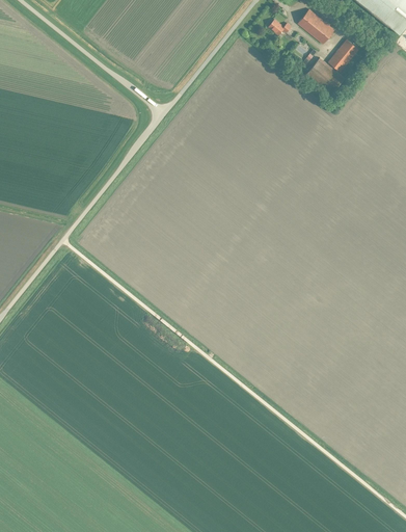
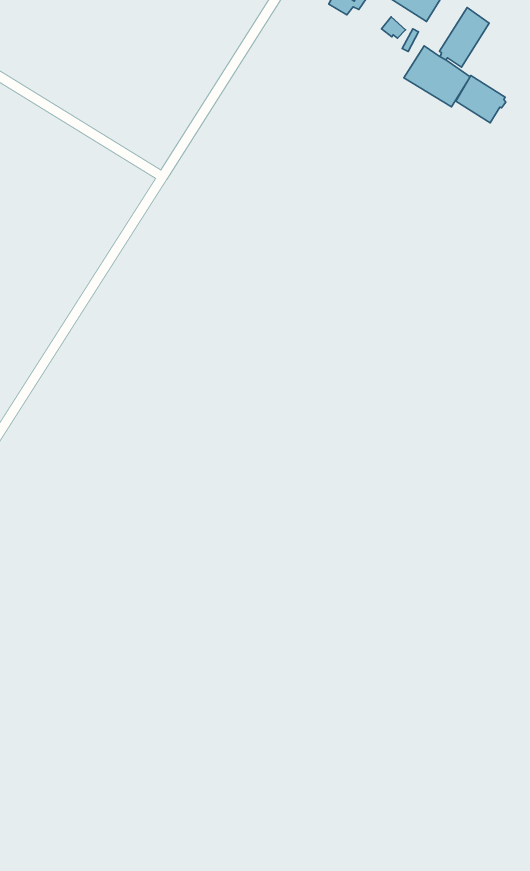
building: none -> [456,76,506,123]

